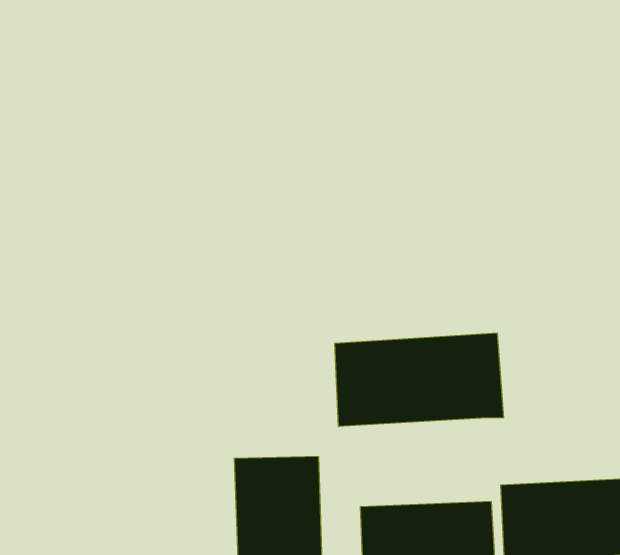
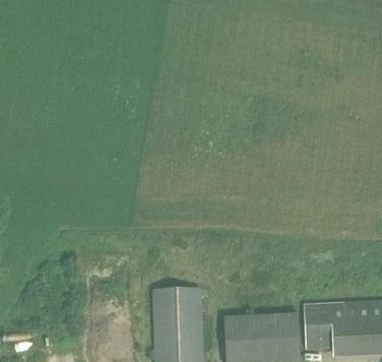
building: [335,333,504,427] -> none

